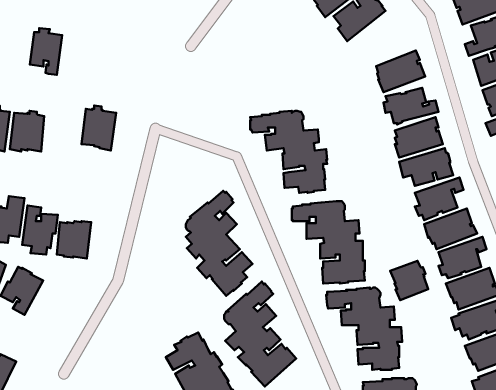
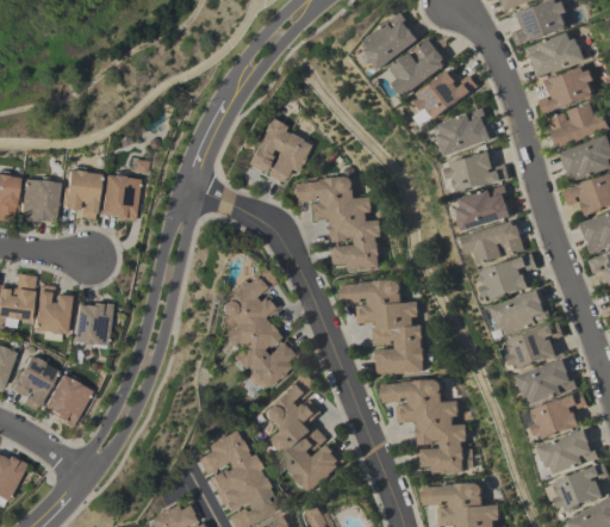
building: none -> [413,69,478,128]
building: [30,28,62,75] -> [62,166,99,219]
building: none -> [247,118,310,182]
building: [390,261,428,300] -> none
building: none -> [41,374,91,428]

